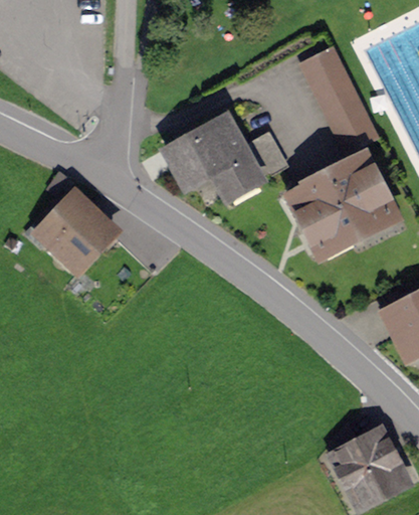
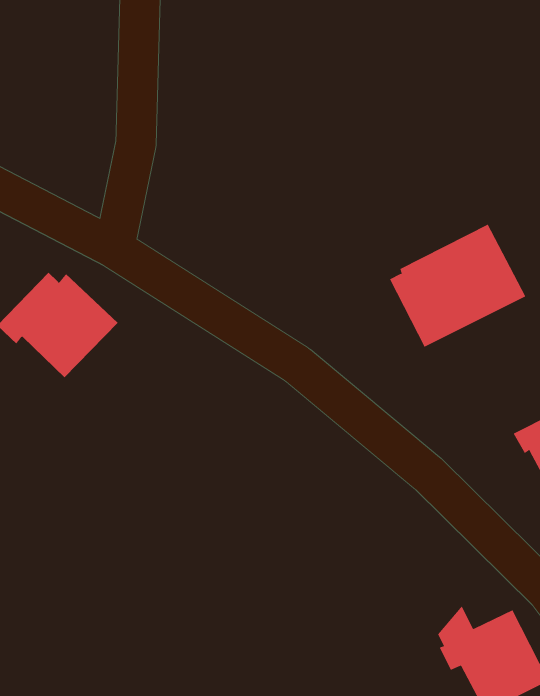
building: [305,51,376,150] -> none
building: [173,123,284,195] -> none

